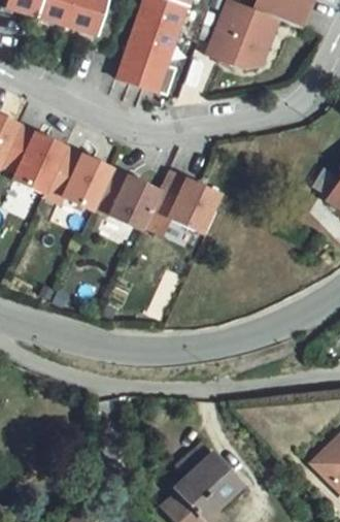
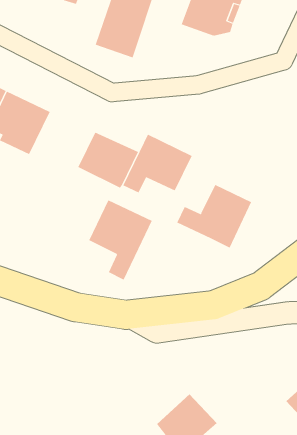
building: [41,148,112,210] -> none
building: none -> [176,184,252,248]
building: none -> [89,200,153,280]

